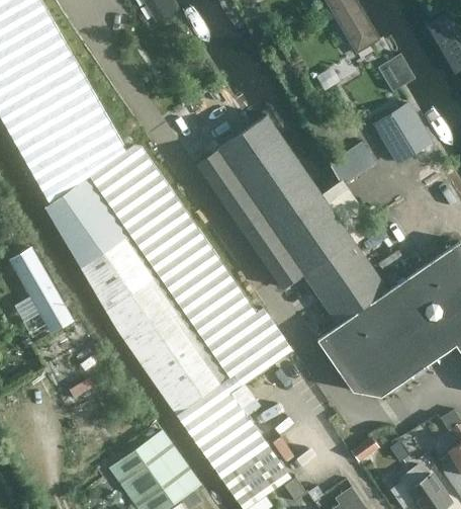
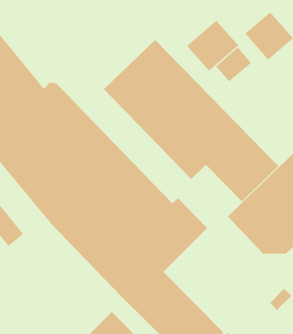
building: none -> [186,20,239,72]

